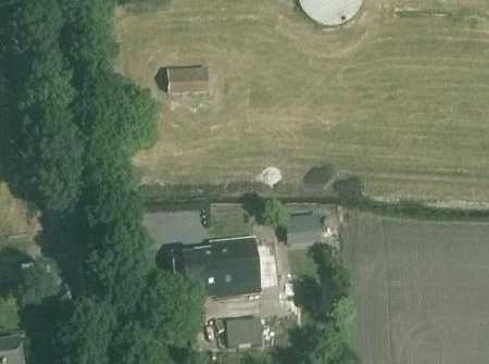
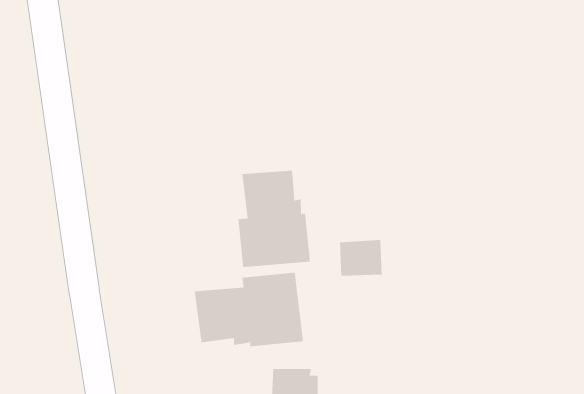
building: [166,66,210,92] -> none
building: none -> [238,170,311,268]

